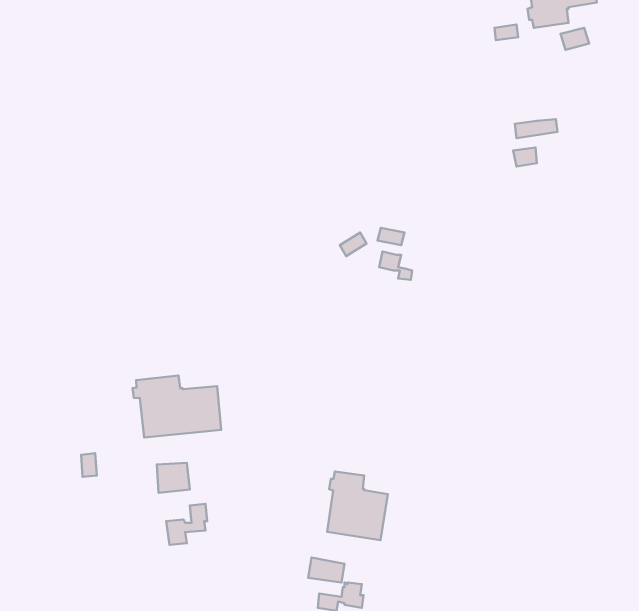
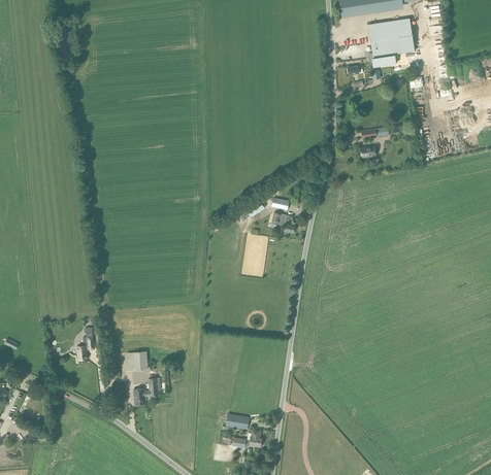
building: [133,376,221,437] -> none
building: [327,471,388,540] -> none

